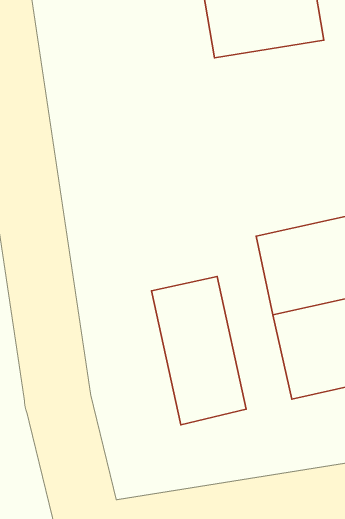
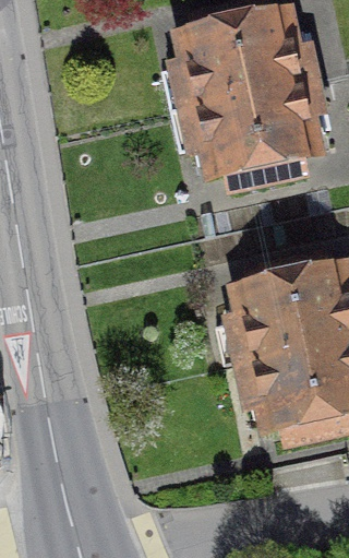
building: none -> [200,91,312,177]
building: [151,277,246,425] -> none

